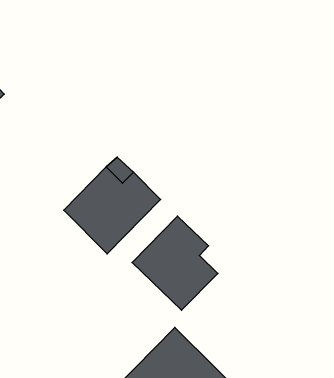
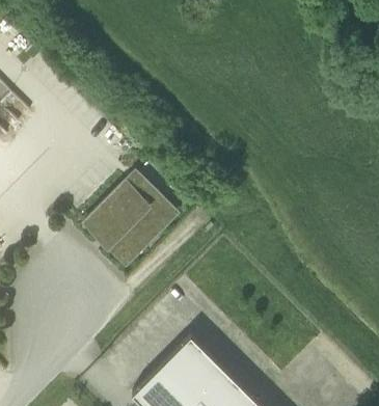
building: [132,216,218,310] -> none

